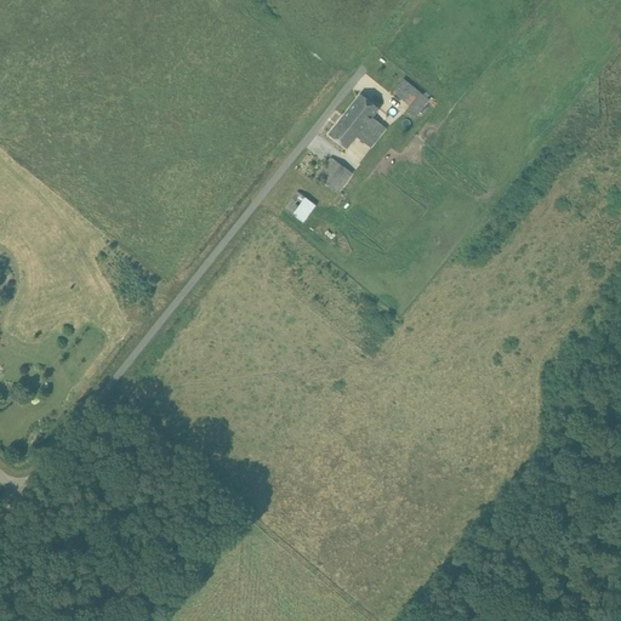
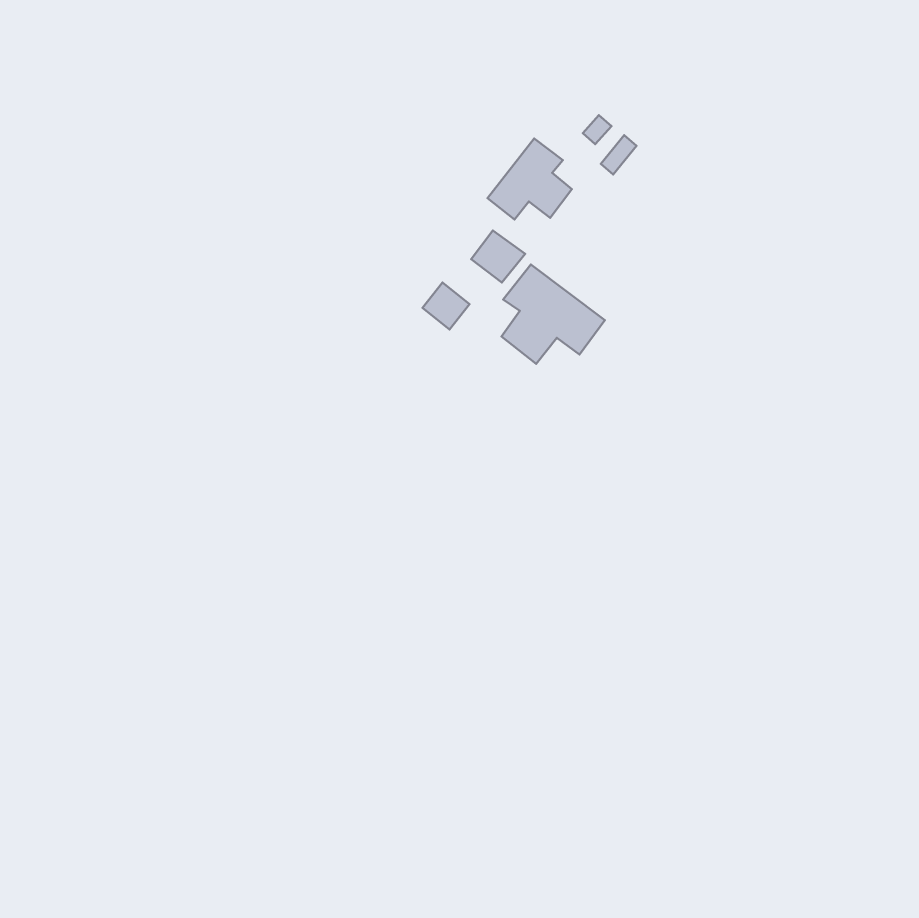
building: none -> [501,264,605,364]

